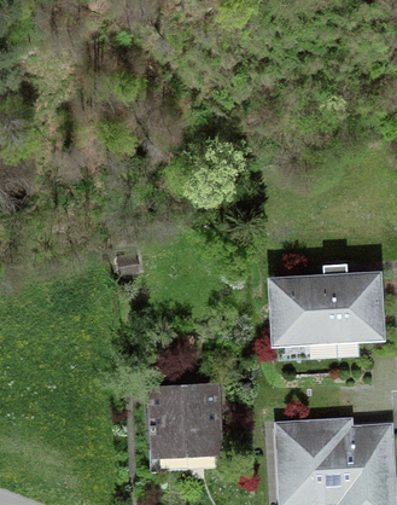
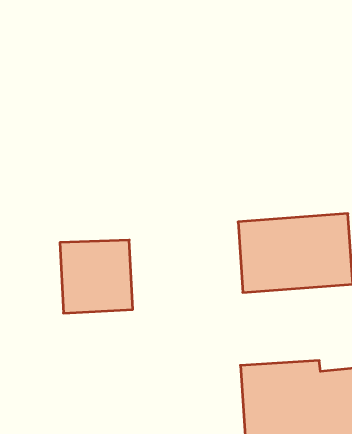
building: [147,385,221,459] -> [60,240,133,313]

